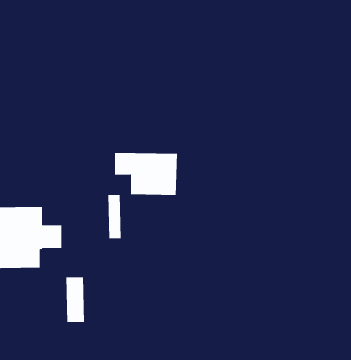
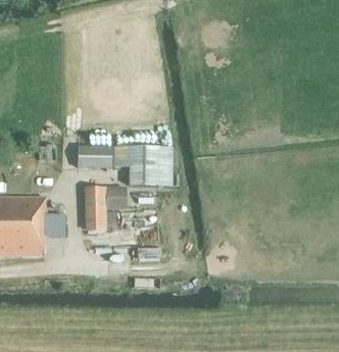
building: none -> [78,150,110,167]
building: [66,277,85,322] -> [87,188,105,231]

